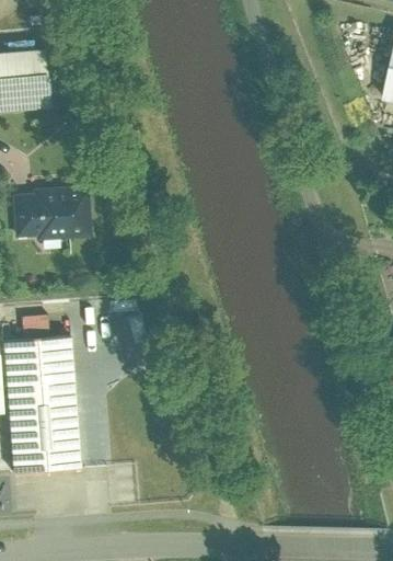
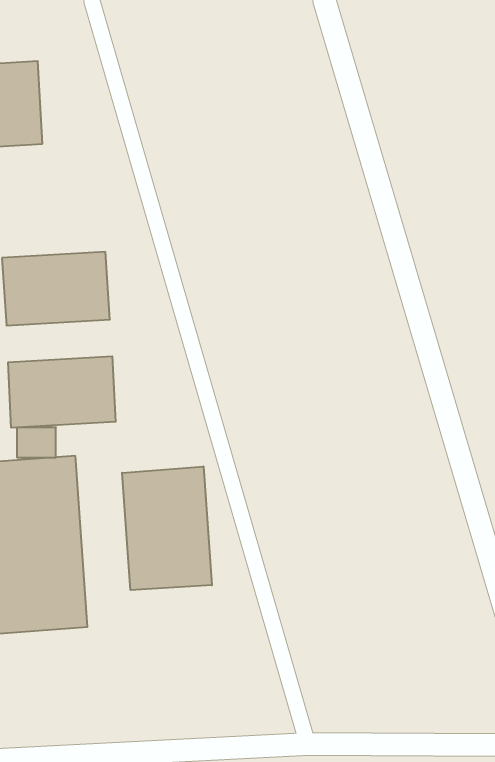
building: none -> [8,356,116,428]
building: none -> [122,466,212,590]

